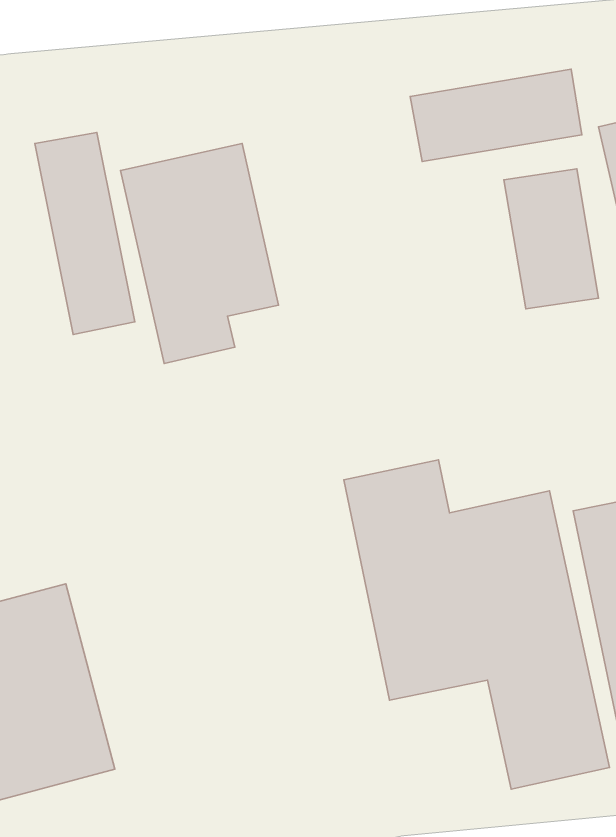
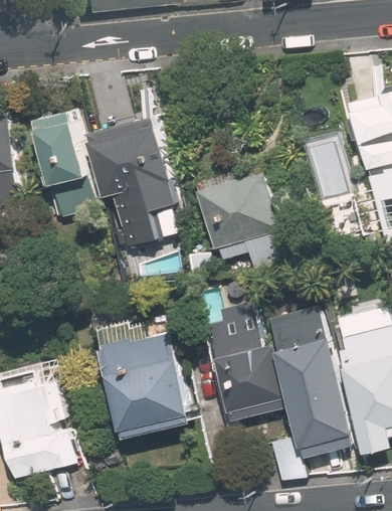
building: [410,69,582,161] -> none
building: none -> [194,167,286,274]
building: none -> [97,317,188,442]

